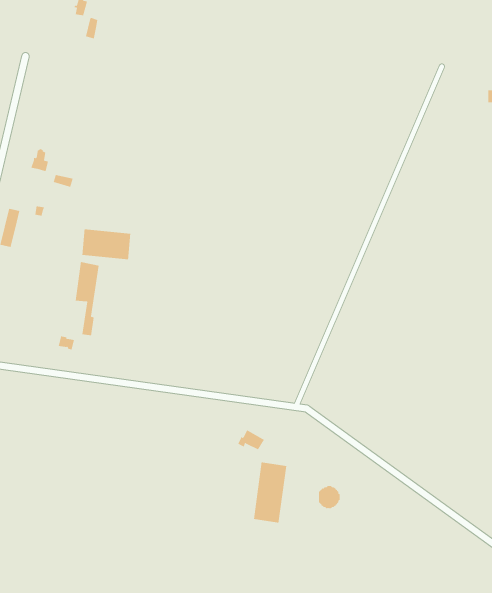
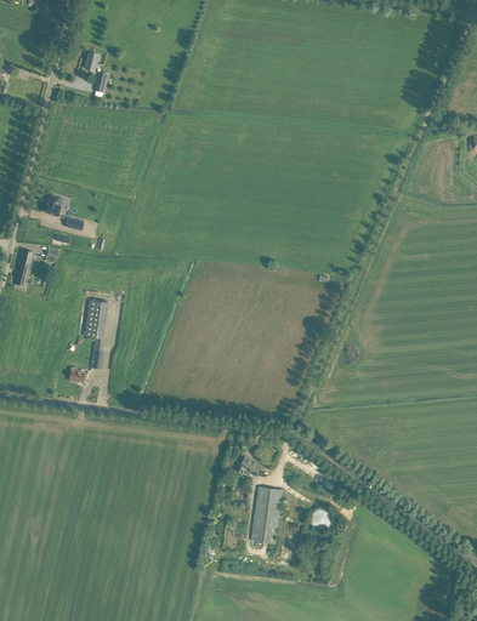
building: [82,228,131,260] -> none

